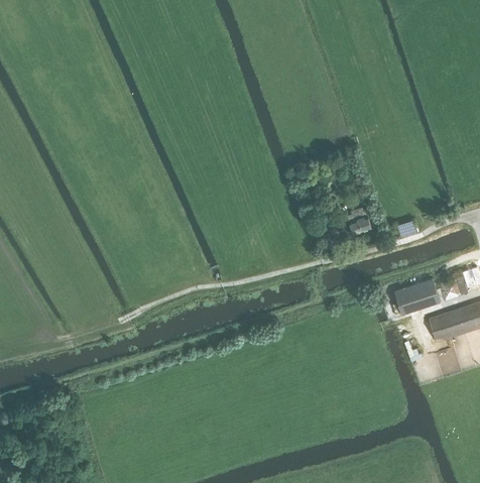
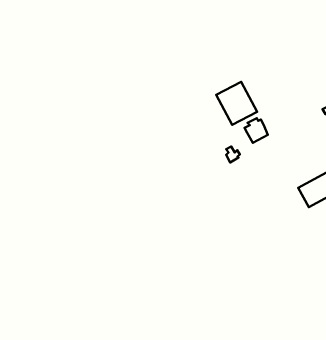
building: none -> [216,82,257,125]

